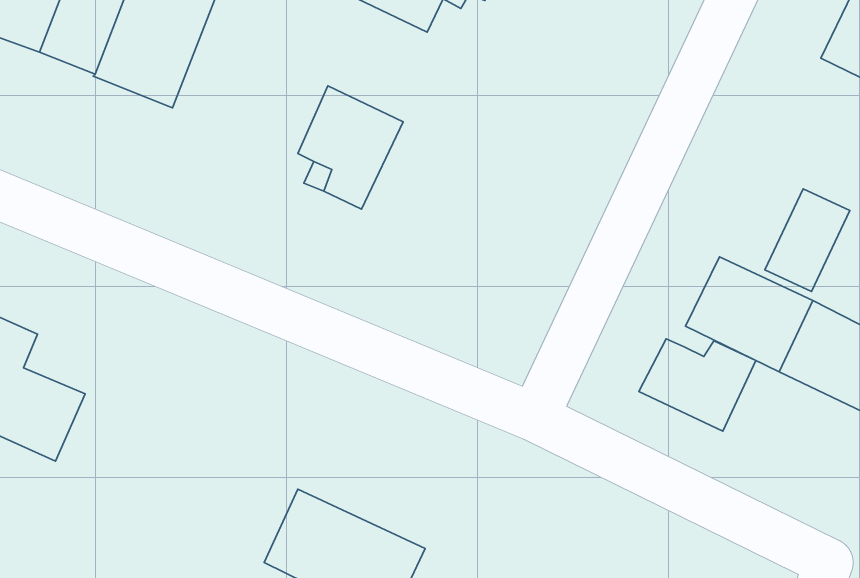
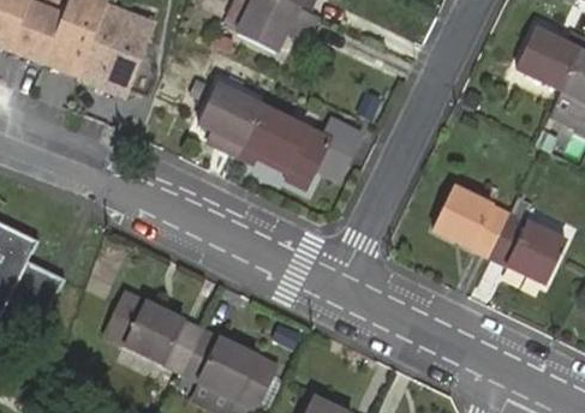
building: none -> [238,104,335,191]
building: [765,189,850,292] -> none
building: [639,339,756,431] -> none
building: none -> [103,288,199,371]

